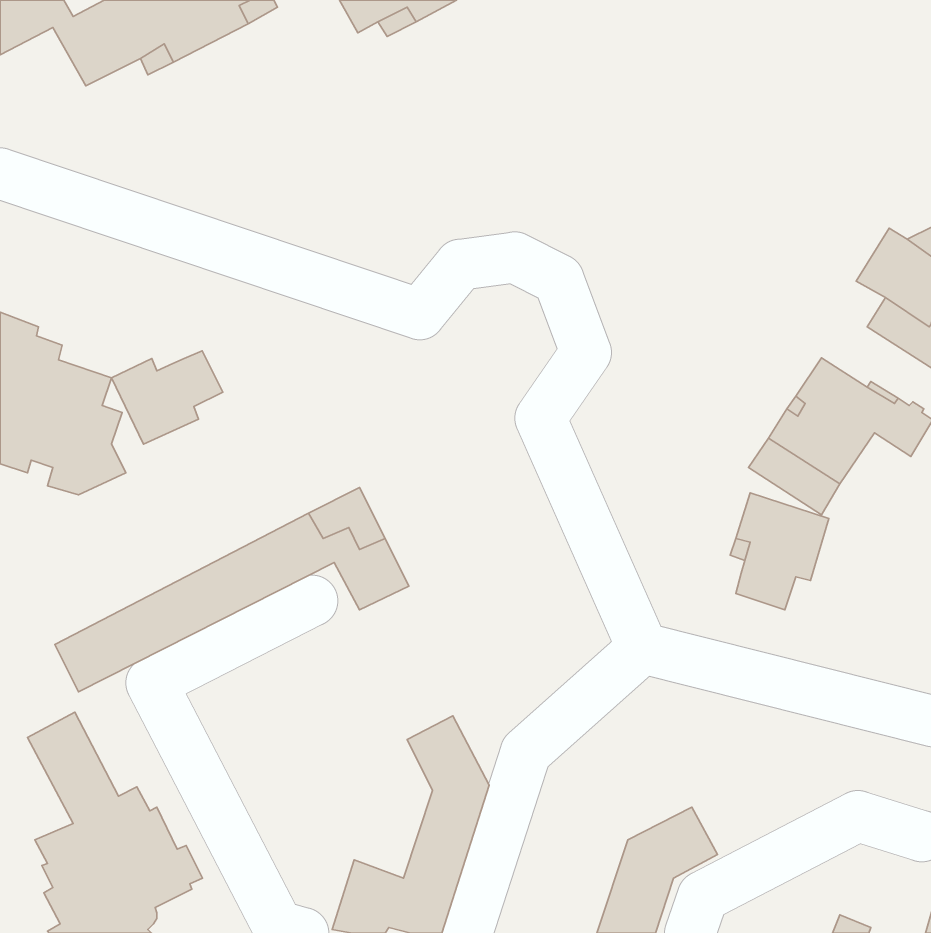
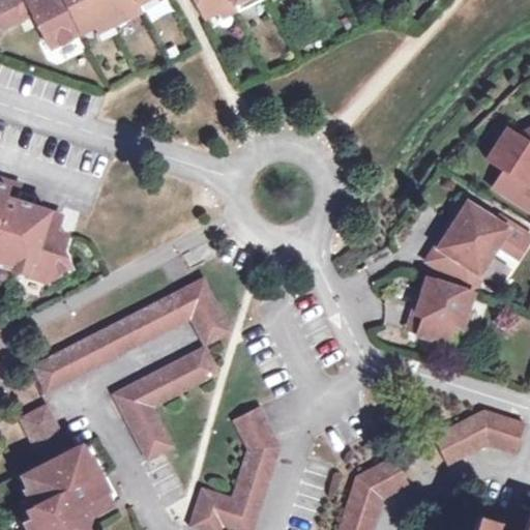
building: [111,351,223,444] -> none
building: none -> [113,346,218,461]
building: none -> [433,410,524,464]

